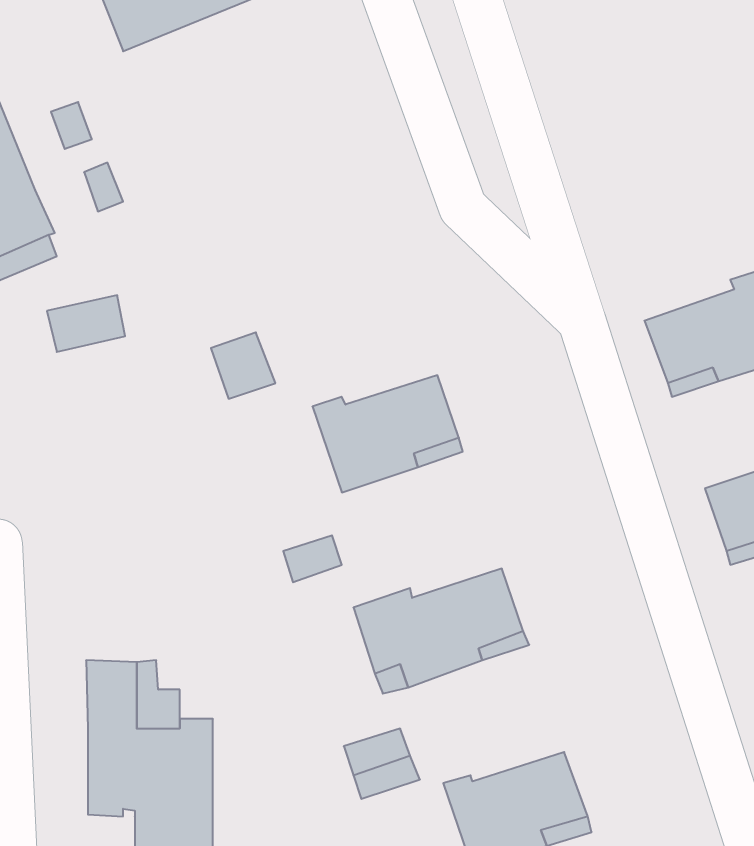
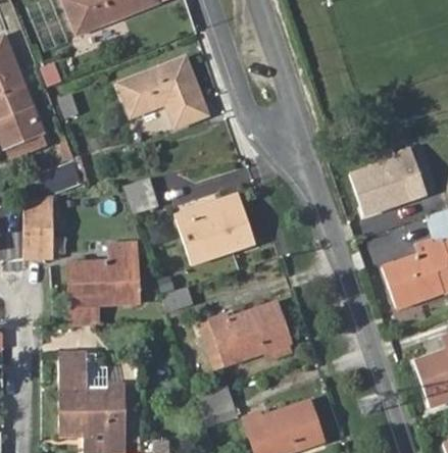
building: none -> [119,55,209,127]
building: none -> [23,197,48,260]
building: none -> [67,235,142,325]

